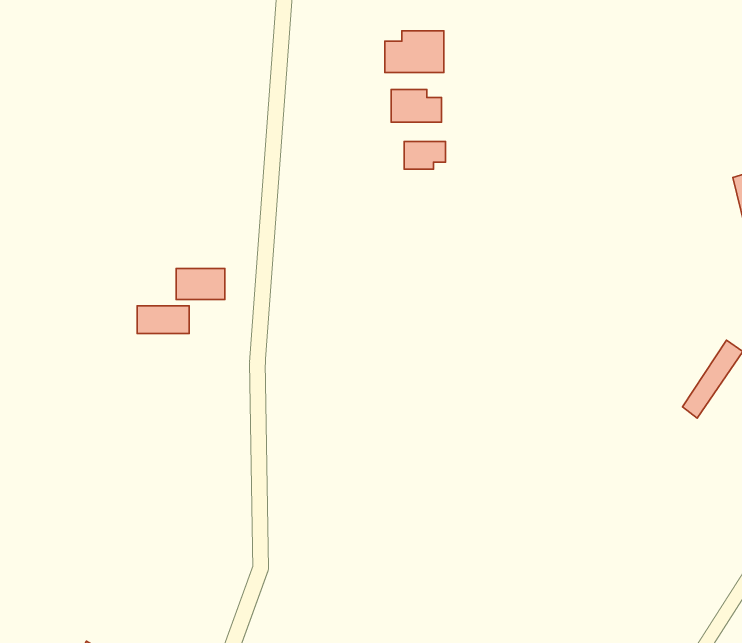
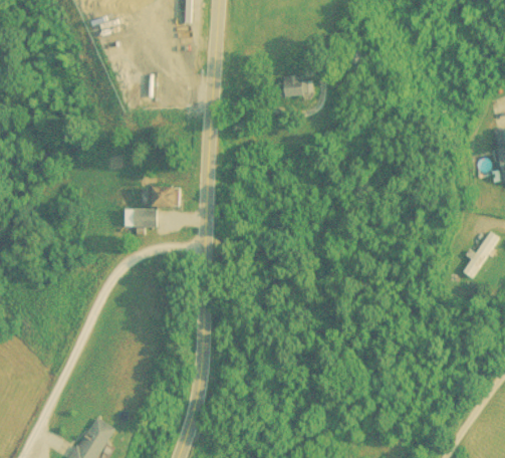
building: [385,31,444,73] -> none
building: [404,141,445,169] -> none

